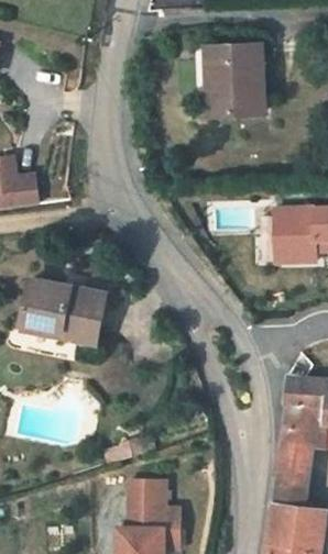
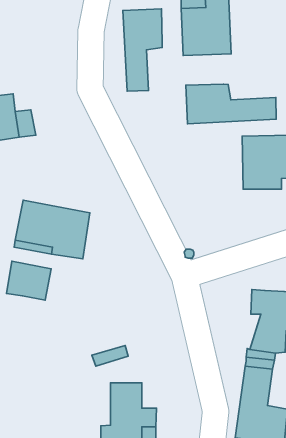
building: none -> [123,9,162,91]
building: none -> [186,84,276,124]
building: none -> [7,261,51,300]

